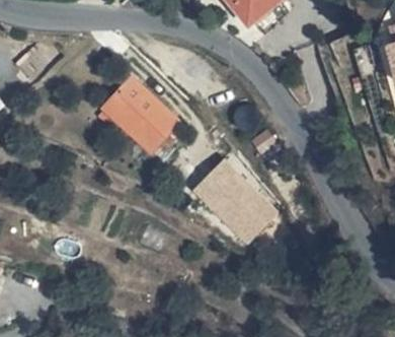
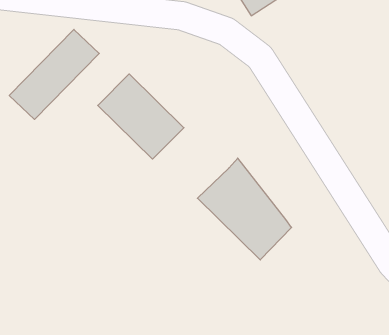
building: none -> [9,29,99,119]

